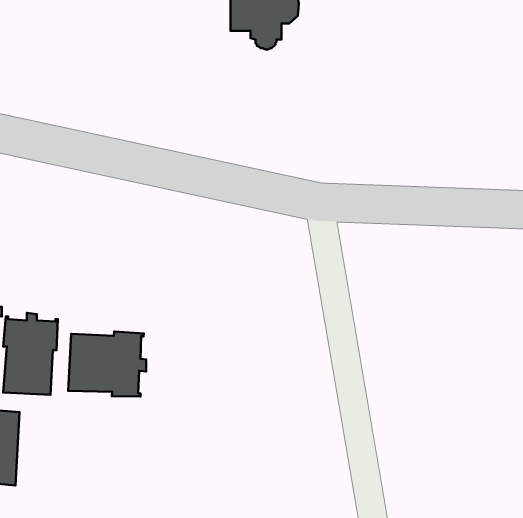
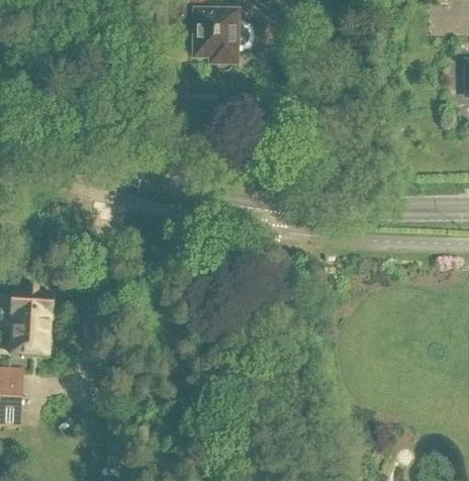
building: [68,331,146,397] -> none

